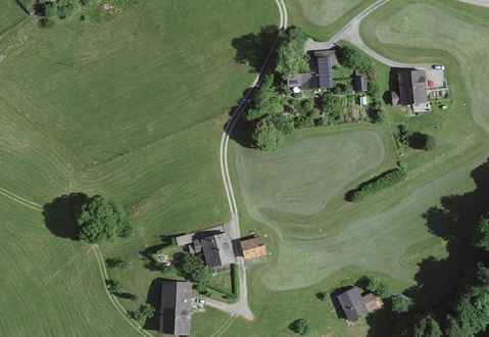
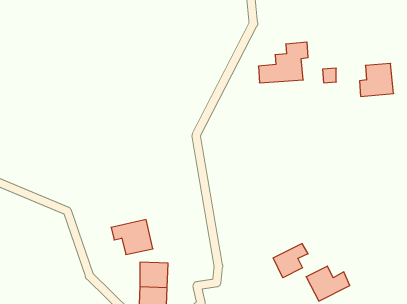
building: [193,231,237,268] -> [111,220,153,254]
building: [243,237,266,258] -> none
building: none -> [273,244,308,278]

